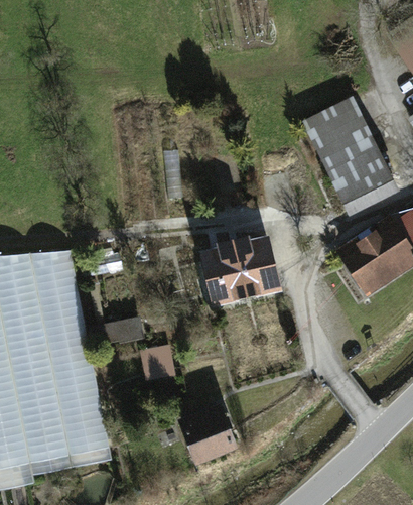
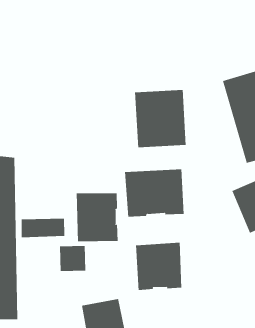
building: none -> [134,89,186,148]
building: none -> [76,192,118,242]
building: none -> [135,242,182,291]

